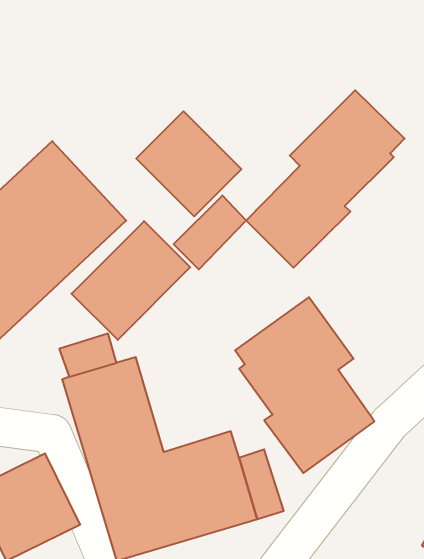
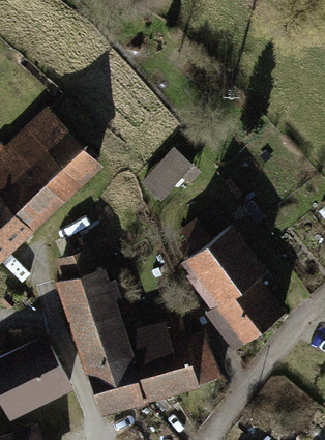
building: [246,90,405,268] -> none
building: [136,111,241,216] -> none
building: [71,221,190,340] -> none

